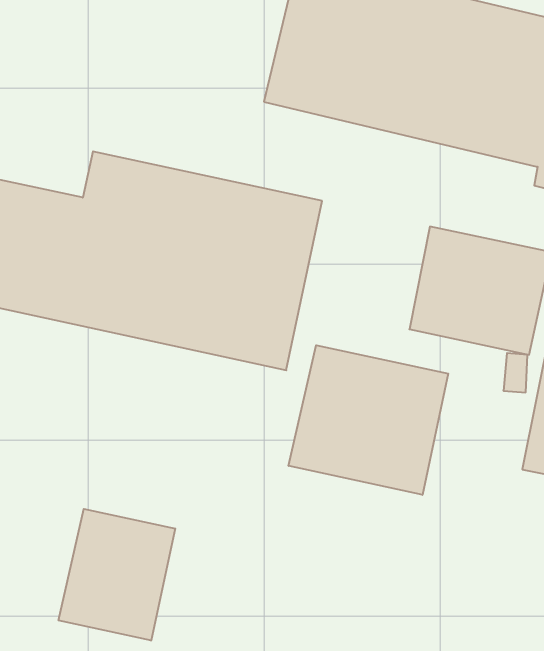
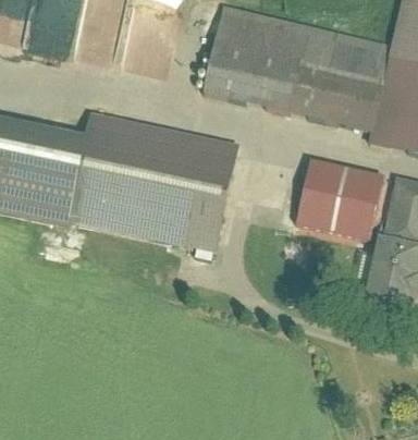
building: [289,345,448,495] -> none
building: [59,509,175,641] -> none

